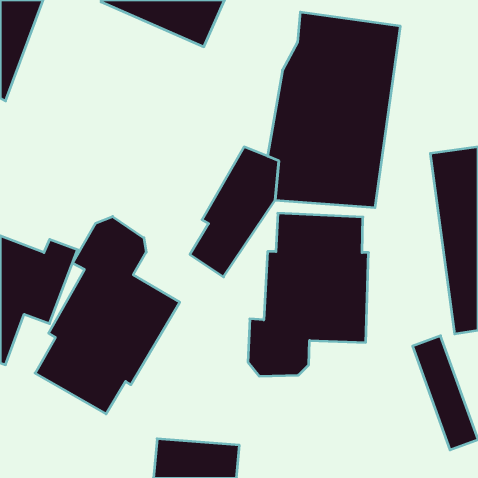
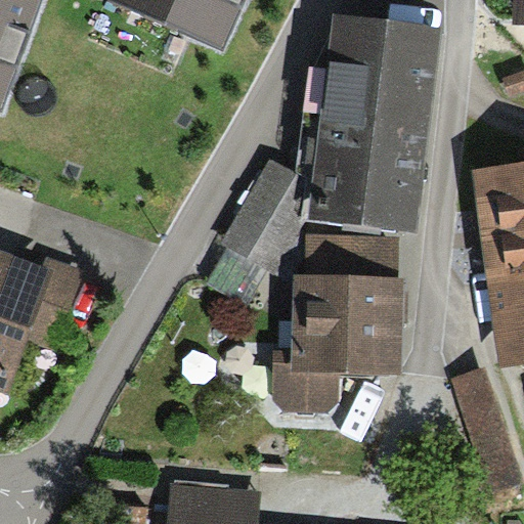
building: [35,216,180,414] -> none

